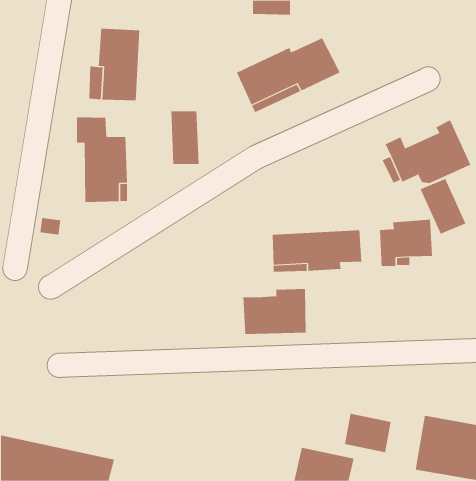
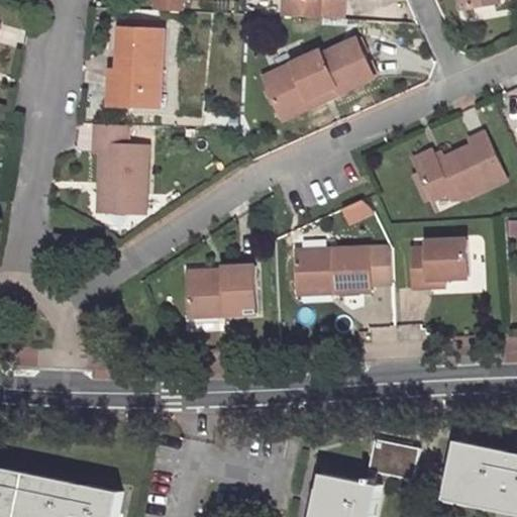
building: [171,110,199,165] -> none
building: [420,178,466,235] -> none
building: [243,288,307,335] -> [188,267,256,316]

